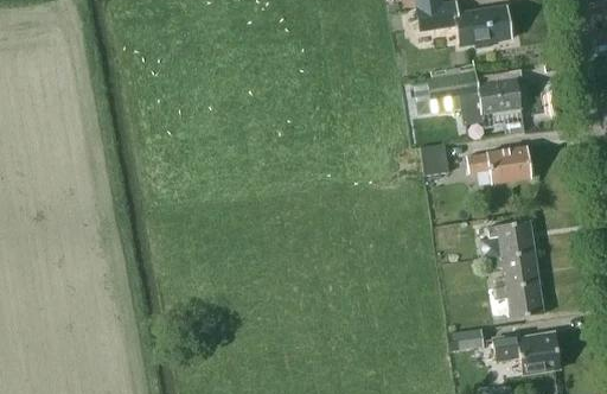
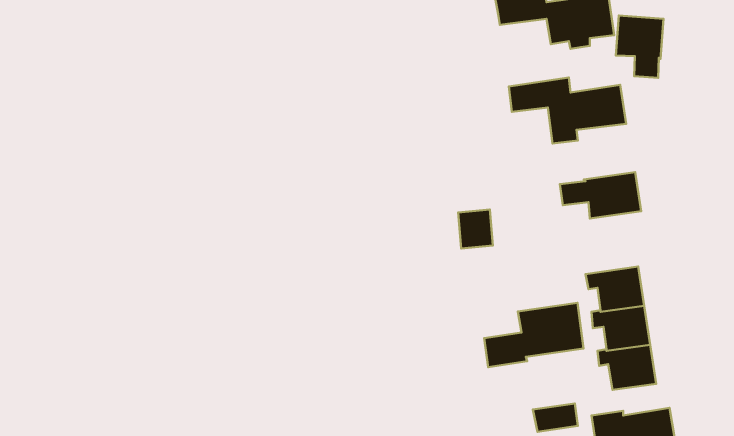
building: none -> [616,16,663,78]
building: [421,142,448,173] -> [458,209,493,248]
building: none -> [484,303,584,367]

